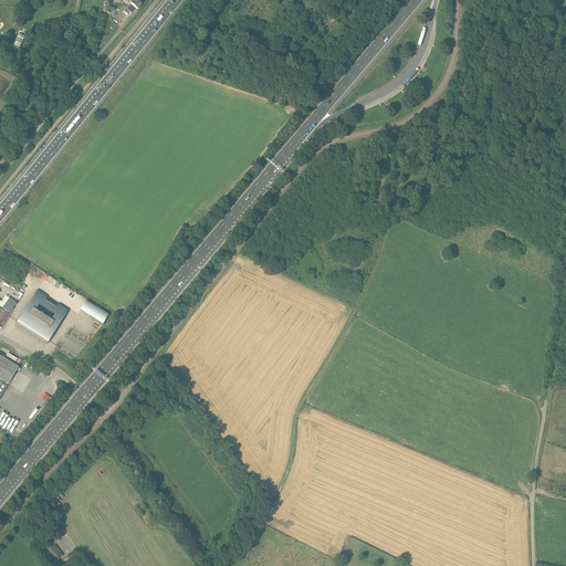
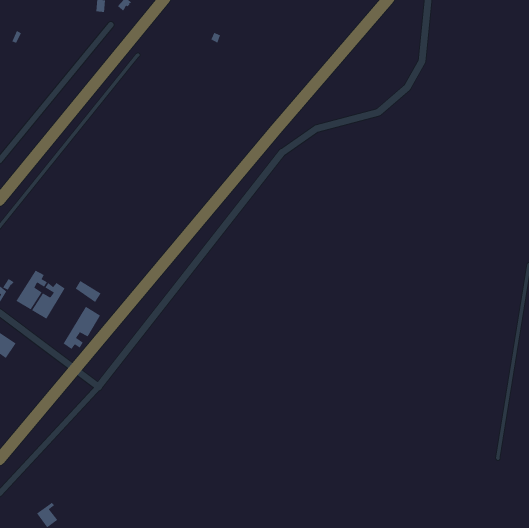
building: none -> [63,306,101,350]

